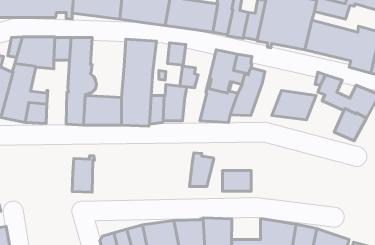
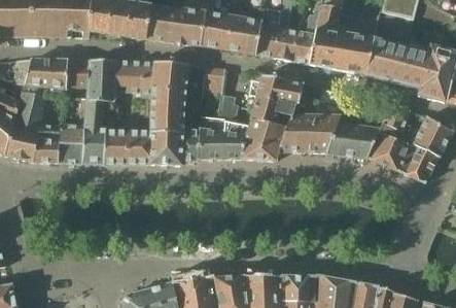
building: none -> [111,60,153,94]
building: none -> [302,114,340,152]
building: none -> [367,125,412,172]
building: [190,153,214,187] -> [220,118,249,159]
building: [72,156,95,192] -> [59,119,85,163]
building: [222,170,251,191] -> [279,275,313,300]

